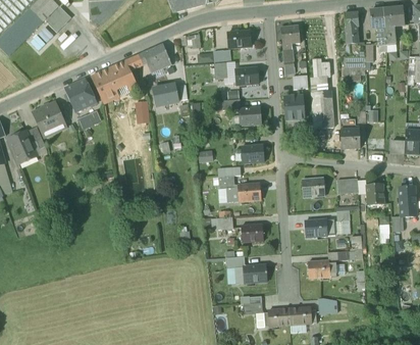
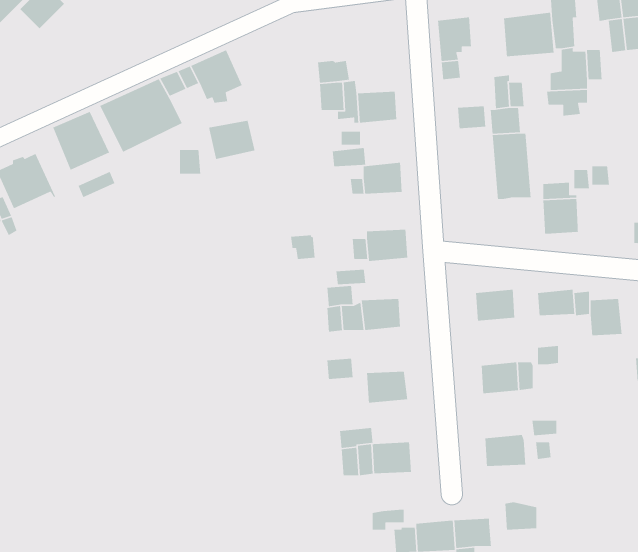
building: none -> [503,12,554,57]
building: [227,29,251,48] -> none
building: [284,95,304,118] -> none

